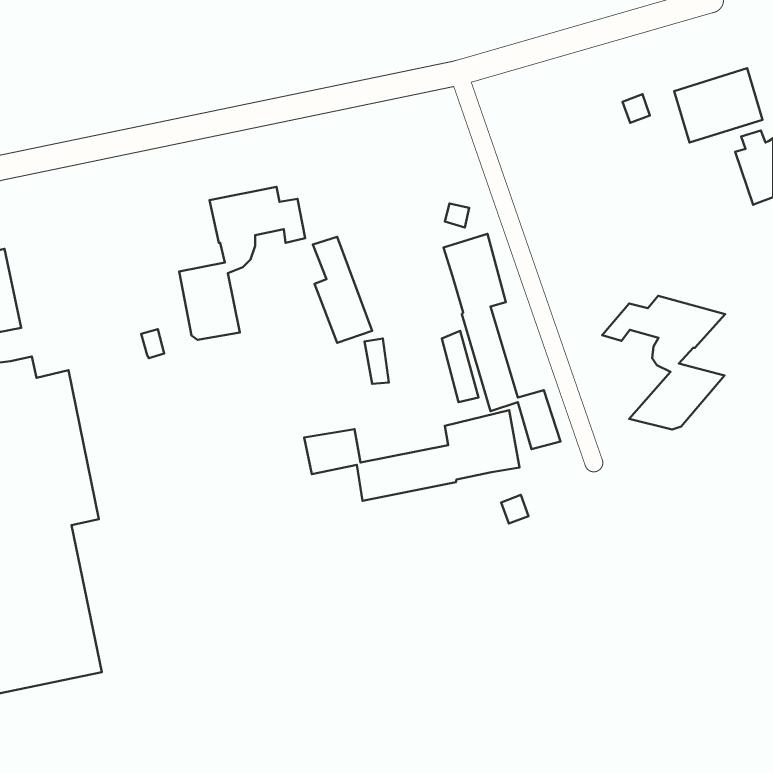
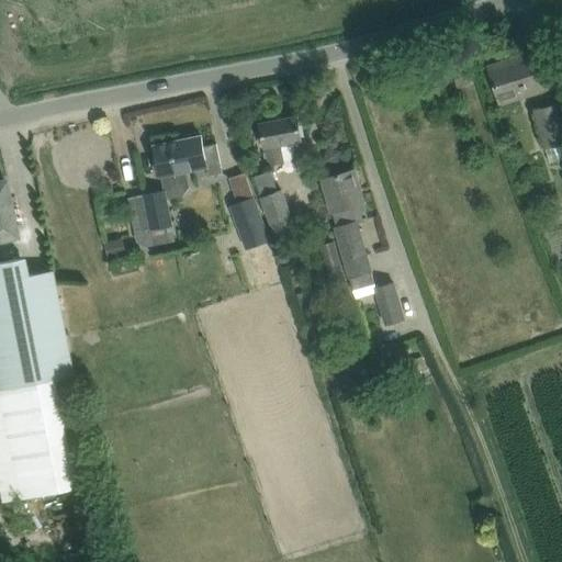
building: none -> [258,116,300,166]
building: none -> [257,189,296,238]
building: [602,296,725,430] -> none
building: [304,410,519,501] -> none

